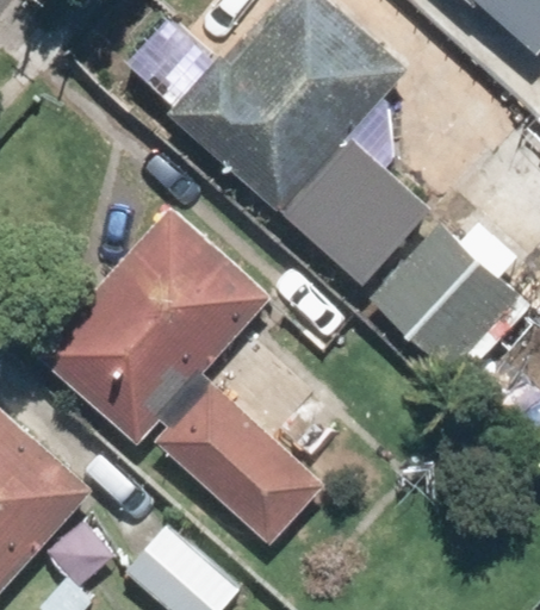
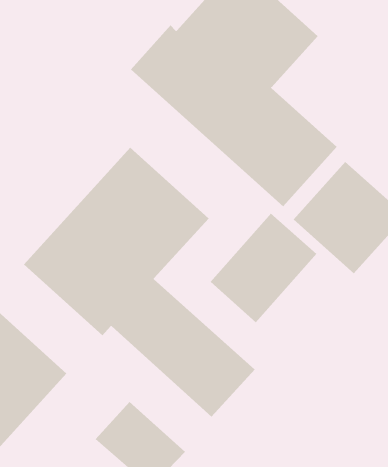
building: none -> [210,213,317,323]

